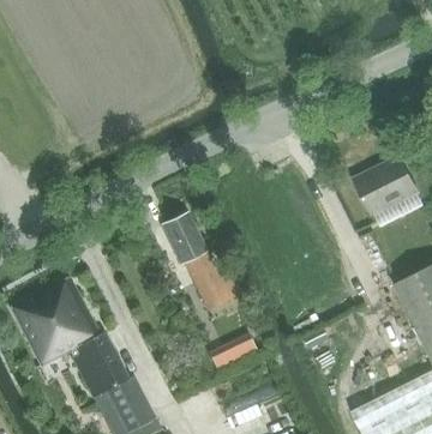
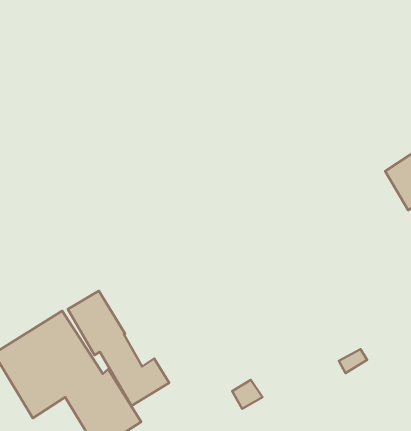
building: [163,213,244,313] -> [68,291,169,406]

